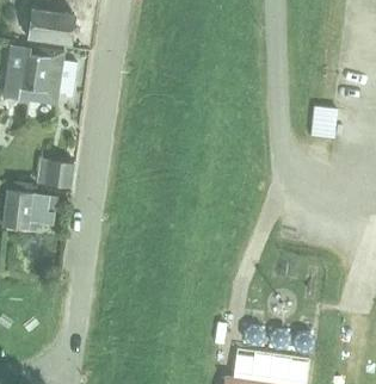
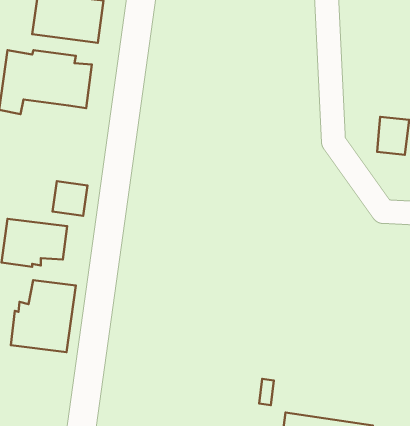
building: none -> [11,280,76,352]

